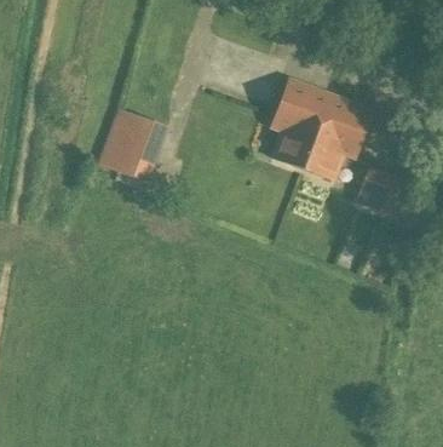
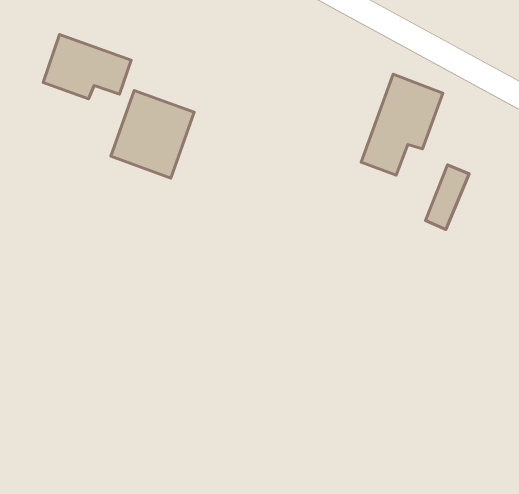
building: none -> [43,35,131,99]
building: [270,76,329,165] -> none

